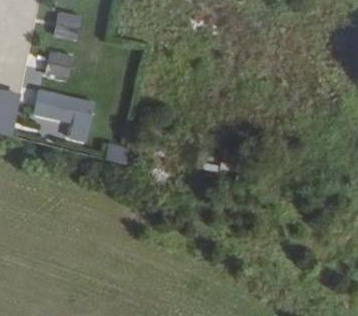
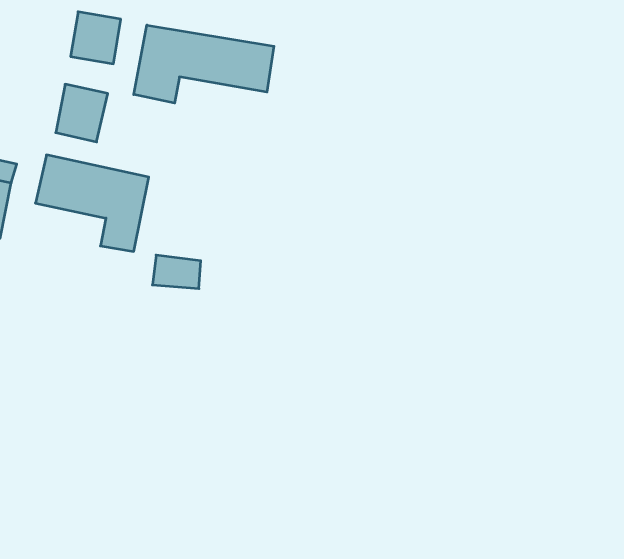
building: none -> [134,25,274,103]

